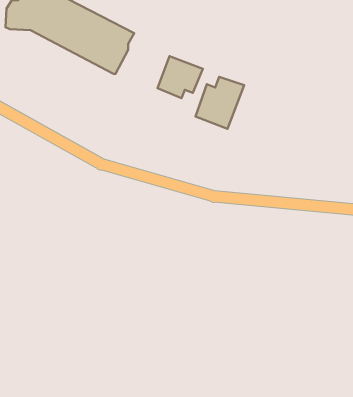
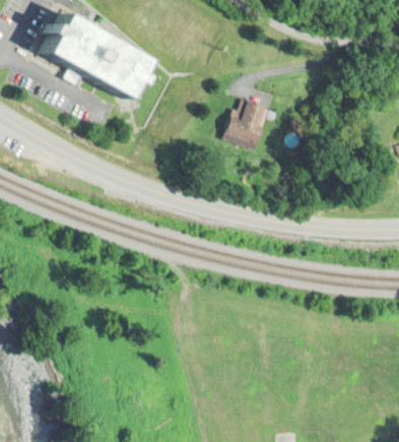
building: [158,56,203,98] -> none

